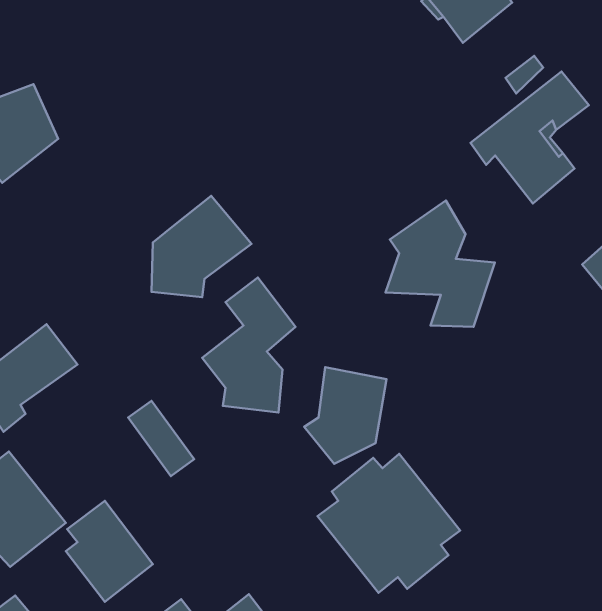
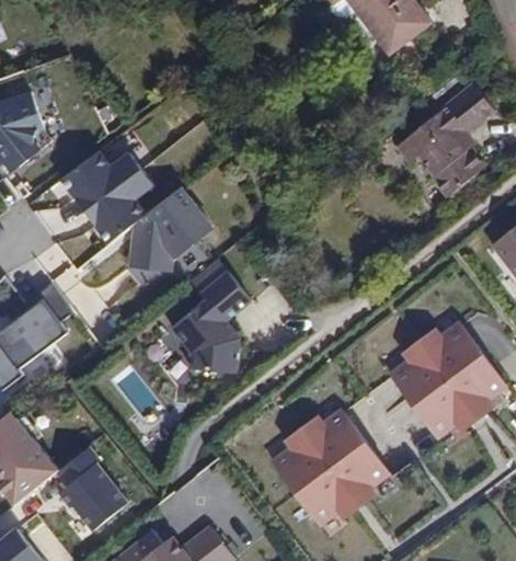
building: none -> [58,152,154,248]
building: [386,200,495,327] -> none
building: none -> [387,323,505,438]
building: [304,367,387,464] -> none

